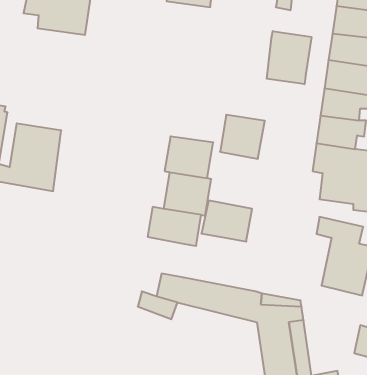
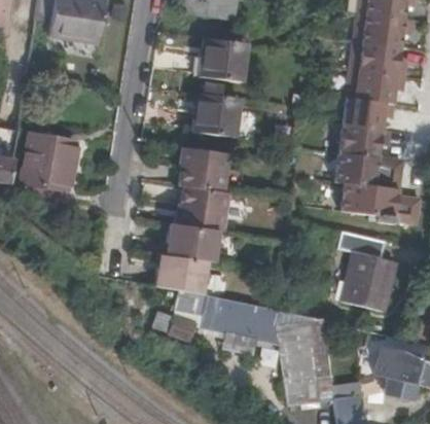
building: none -> [195,37,242,82]
building: [267,31,311,84] -> none
building: [220,115,265,159] -> [186,90,232,135]
building: [201,201,252,242] -> [155,252,208,294]

